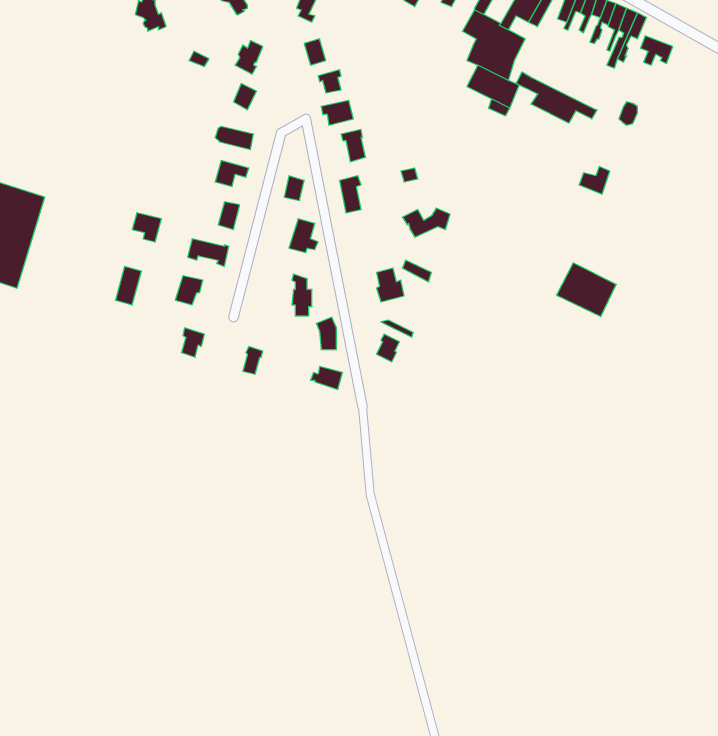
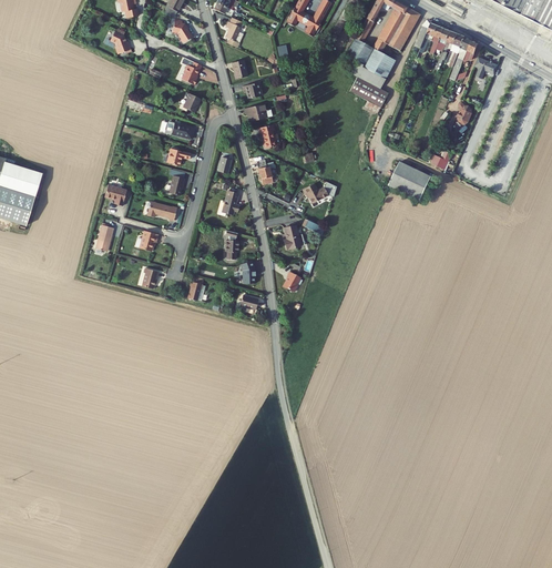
building: [516,72,597,123] -> none
building: [556,263,616,317] -> [388,161,431,200]

